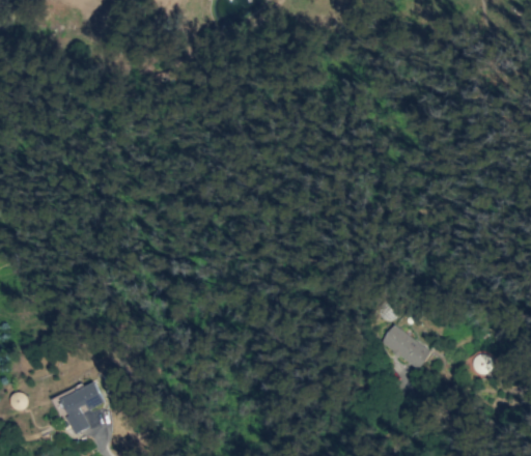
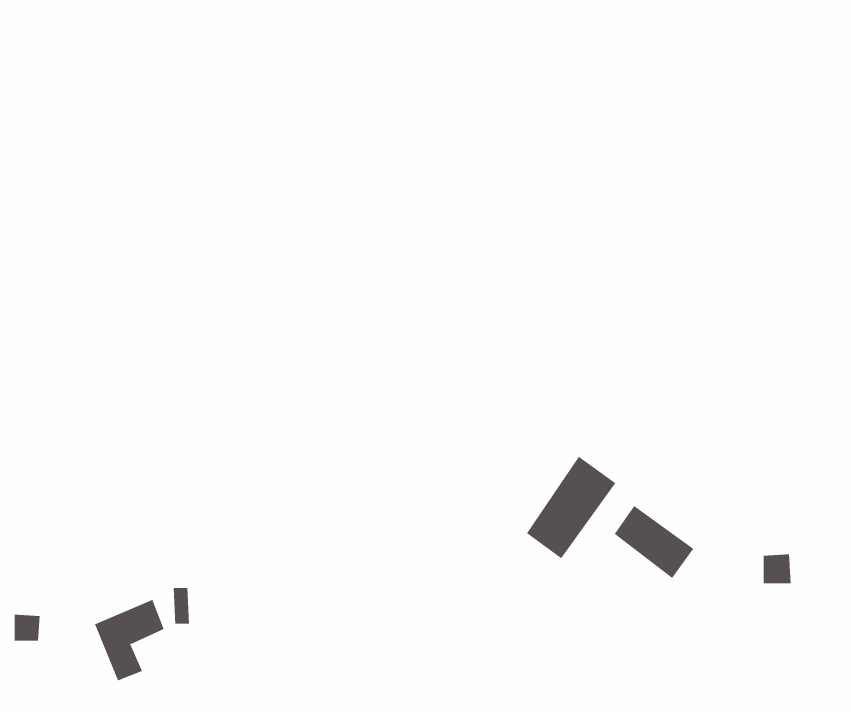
building: none -> [526,456,616,559]

